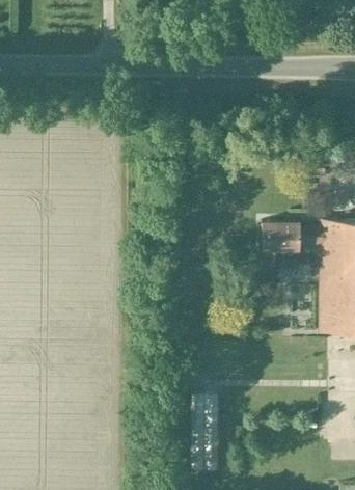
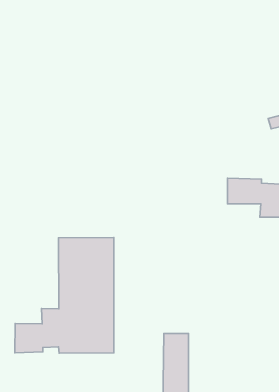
building: none -> [15,238,114,353]

